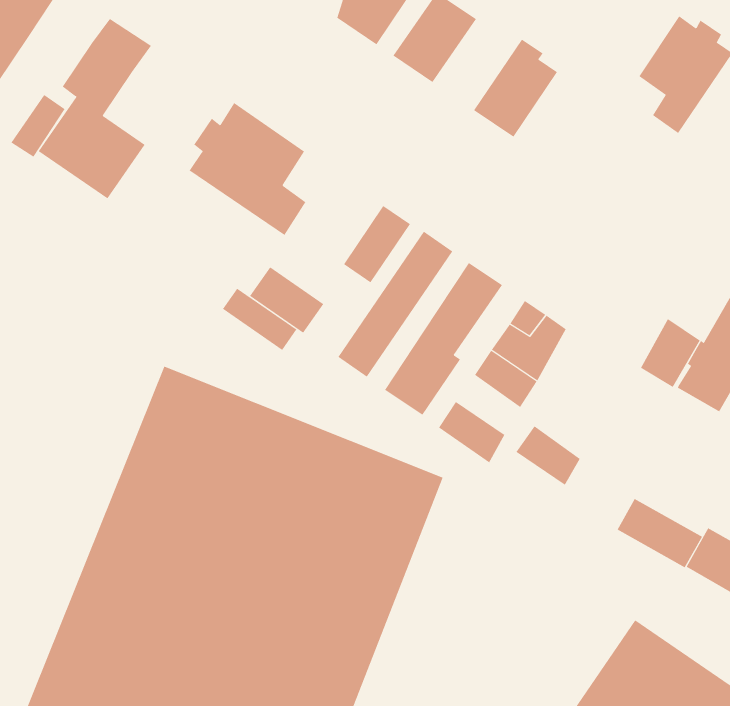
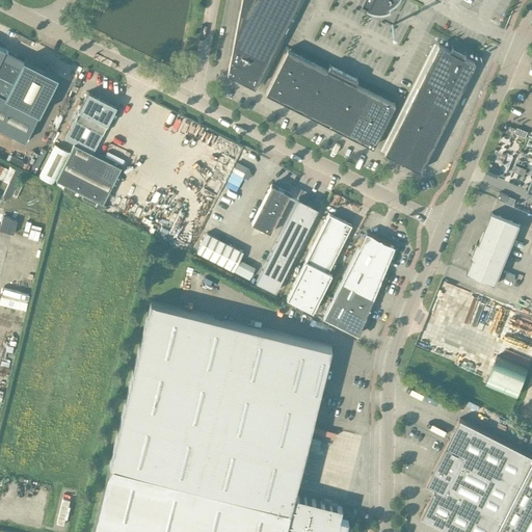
building: none -> [293,66,344,123]
building: none -> [347,92,396,150]
building: none -> [384,88,448,174]
building: [189,102,306,236] -> none
building: [222,288,297,351] -> none
building: [640,318,700,388] -> none
building: [515,425,581,485] -> [332,285,373,319]
building: [617,498,703,568] -> none

